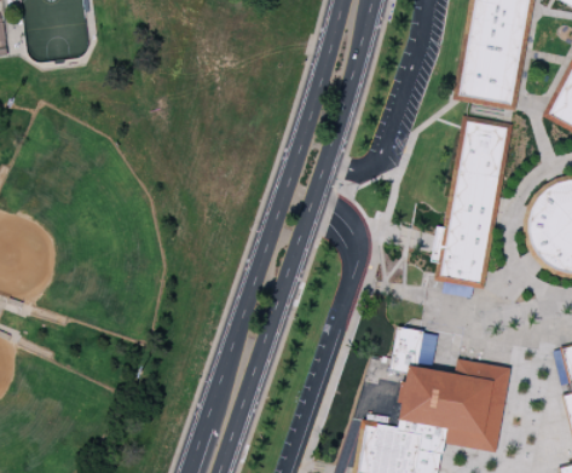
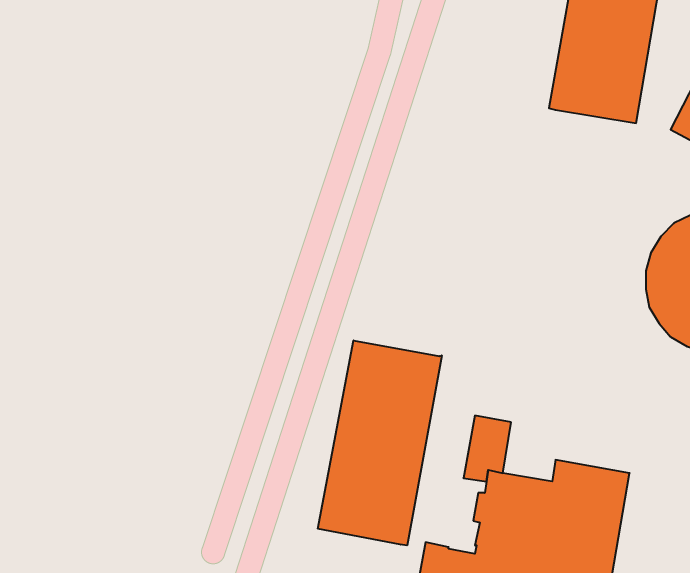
building: [432,116,515,290] -> none
building: none -> [318,340,442,545]

